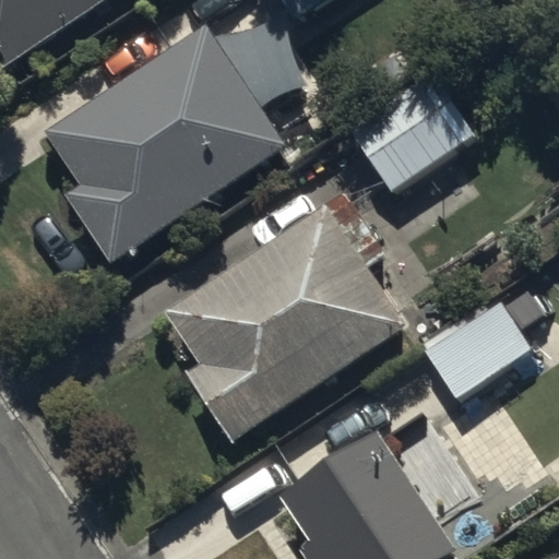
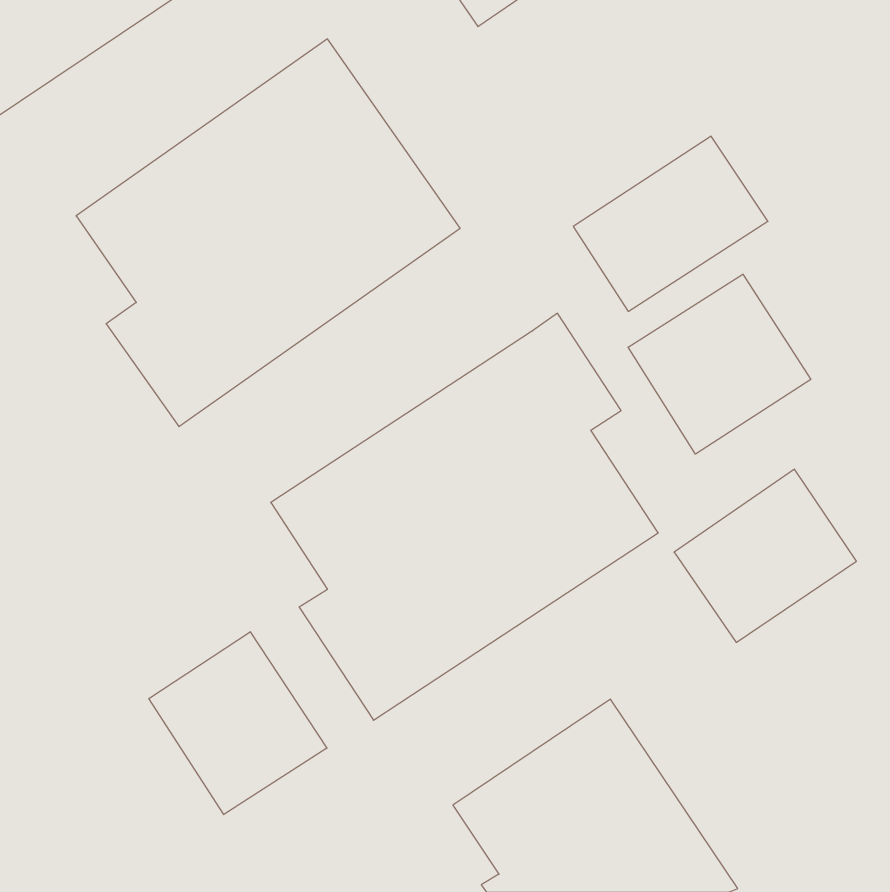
building: none -> [628,274,811,454]
building: none -> [149,632,327,815]

